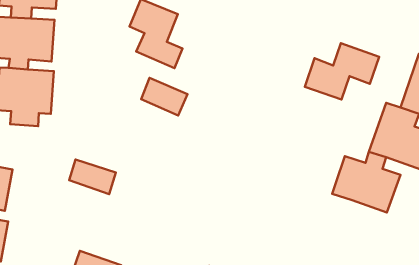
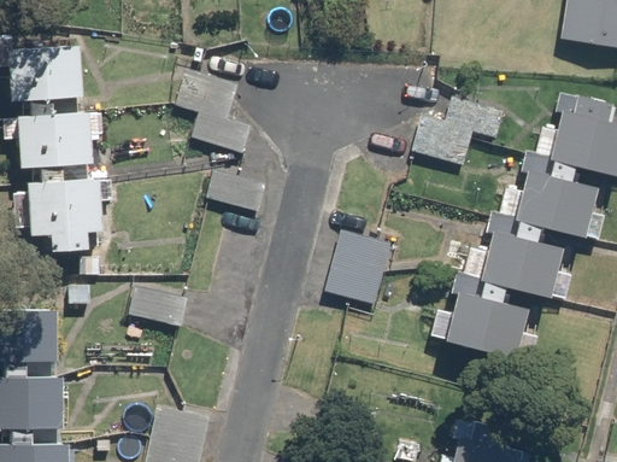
building: none -> [331,229,398,304]
building: none -> [442,268,523,358]

